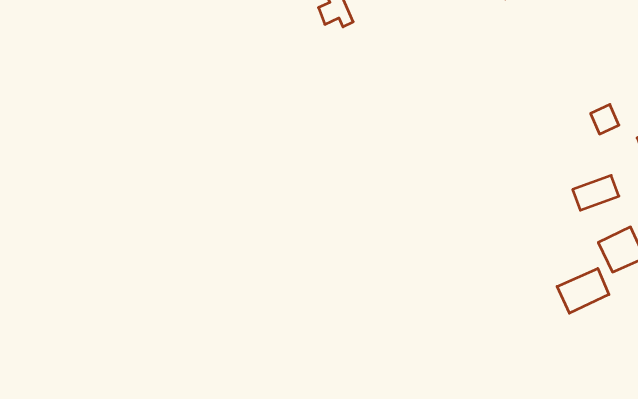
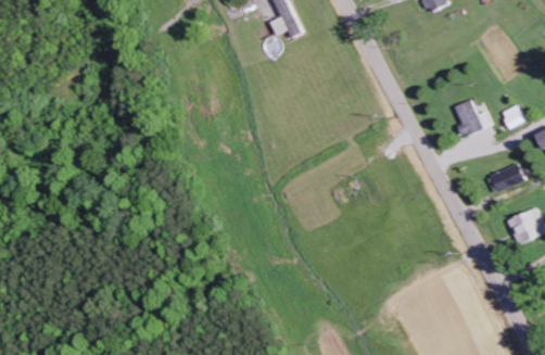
building: none -> [454,99,491,136]
building: [557,268,609,313] -> none

